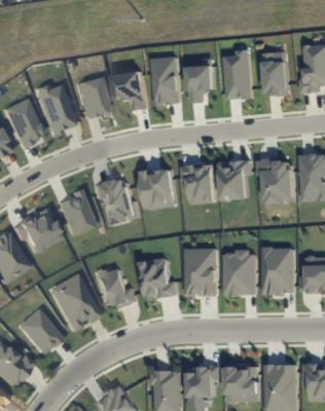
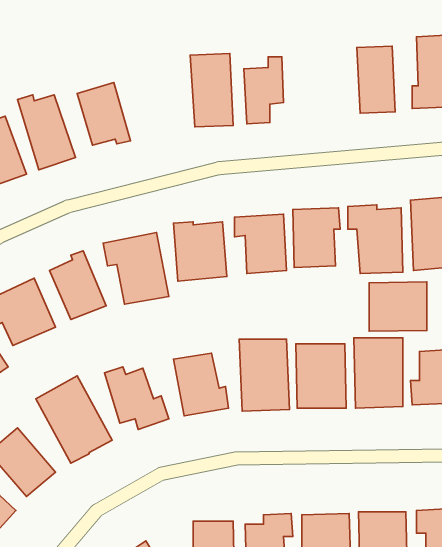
building: [224,48,253,100] -> none
building: [114,70,148,110] -> none
building: none -> [369,282,427,331]

